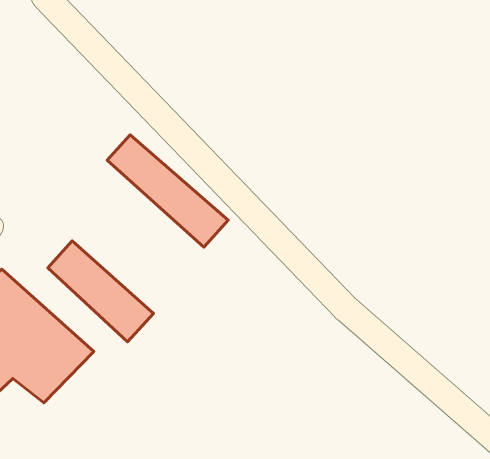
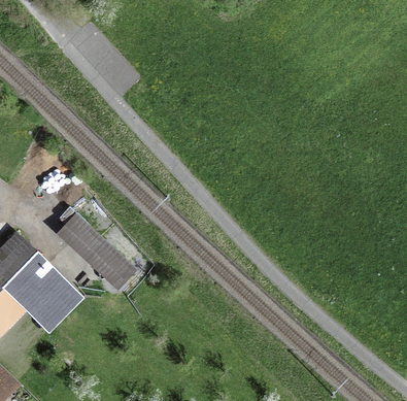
building: [107,135,228,247] -> none

